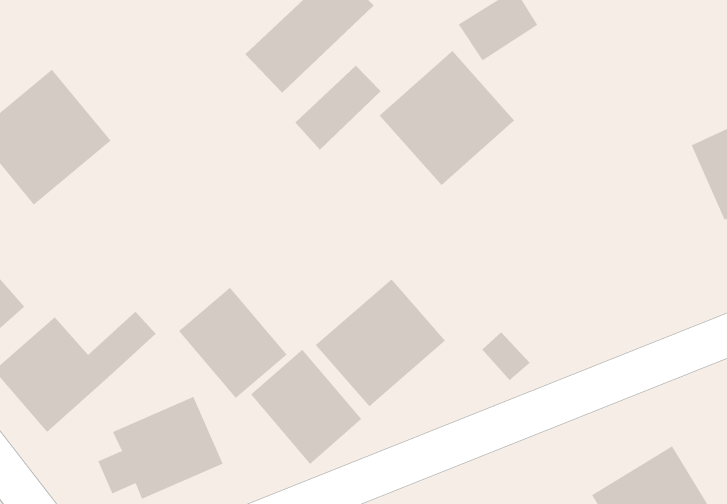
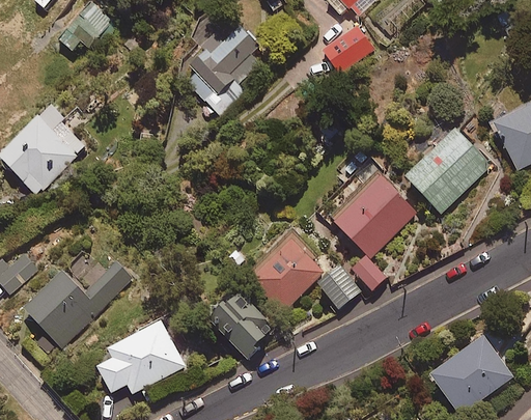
building: [379,50,515,186] -> [328,165,421,258]
building: [294,65,382,151] -> none
building: none -> [401,128,491,218]
building: [178,287,288,399] -> none
building: none -> [318,268,359,309]

